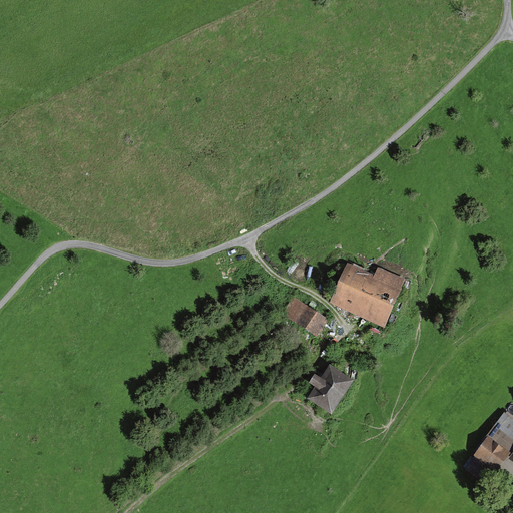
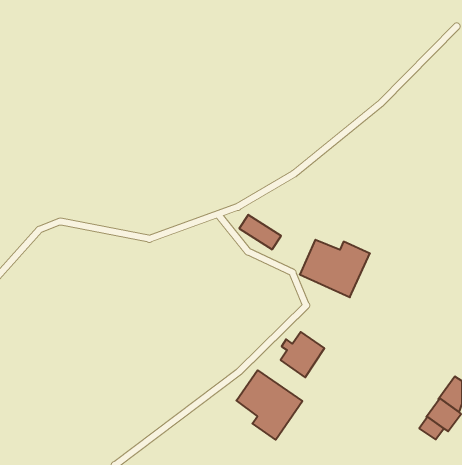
building: [281,298,327,336] -> [239,215,281,249]
building: none -> [236,370,302,440]

